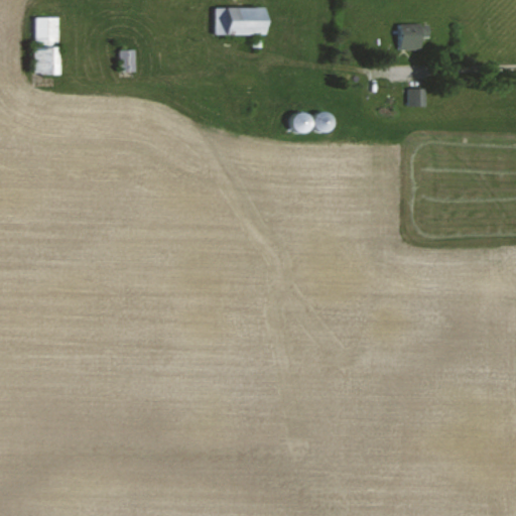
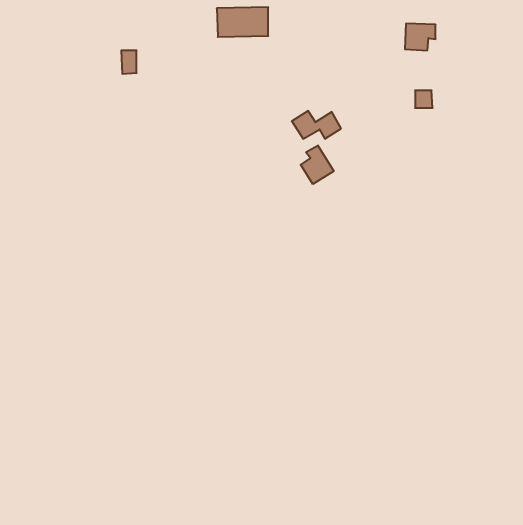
building: [34,16,58,75] -> none
building: none -> [301,145,334,184]

